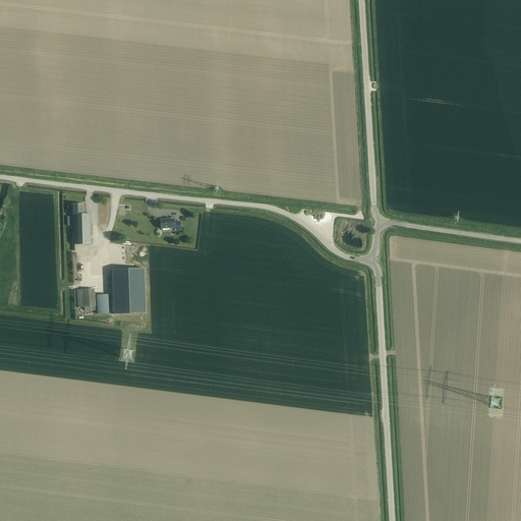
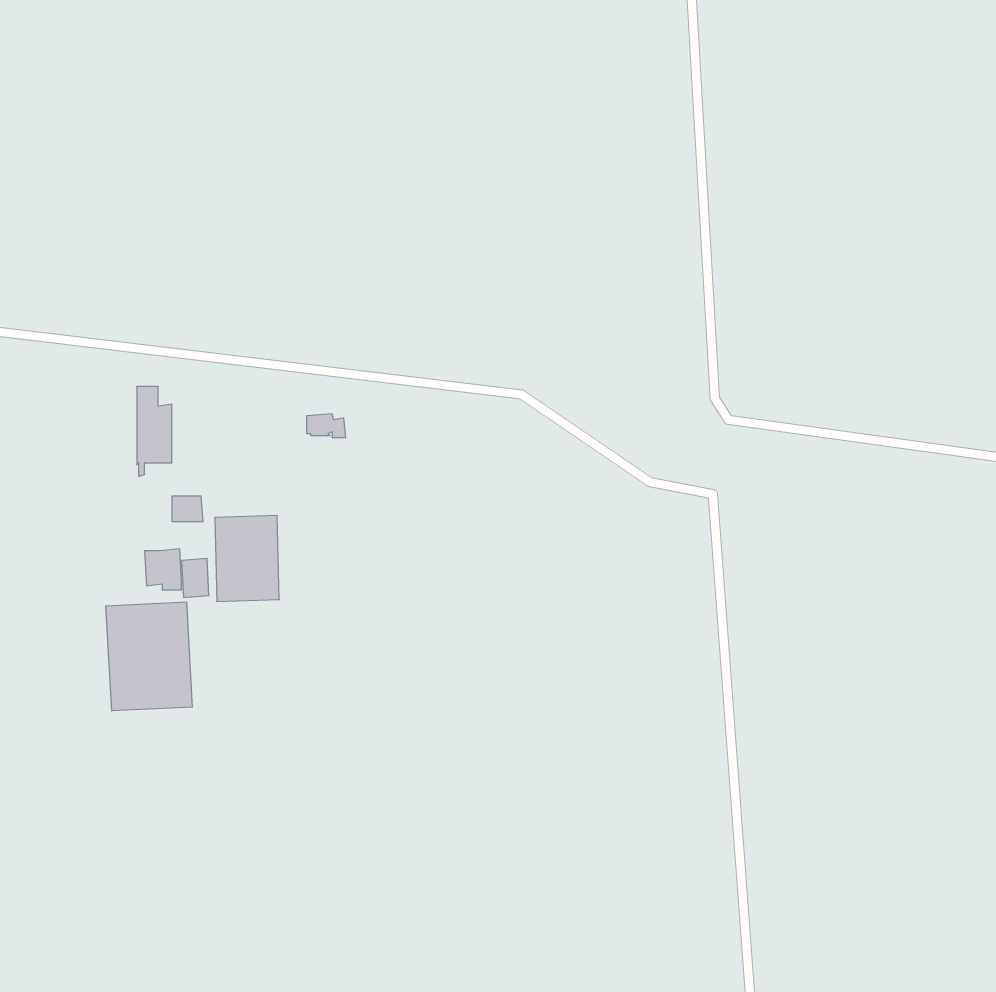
building: none -> [106,602,192,711]

